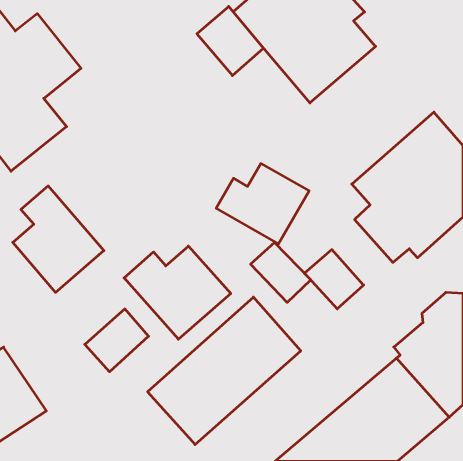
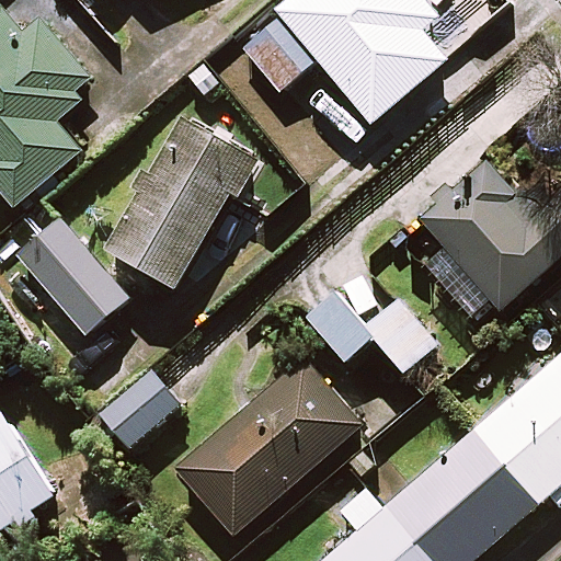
building: none -> [107,117,252,290]
building: [216,164,309,244] -> none
building: [124,246,231,339] -> none

